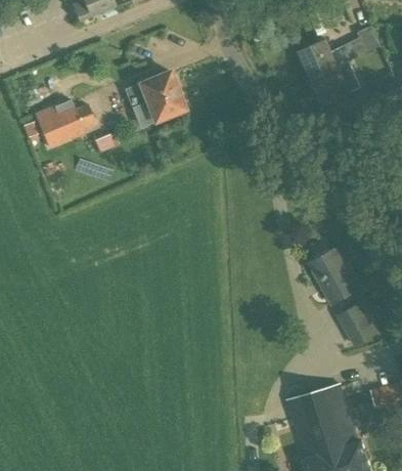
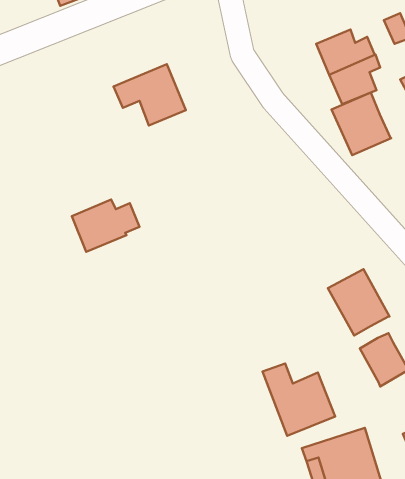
building: none -> [332,93,391,155]
building: [36,99,94,144] -> [72,200,139,252]
building: none -> [263,363,335,436]

